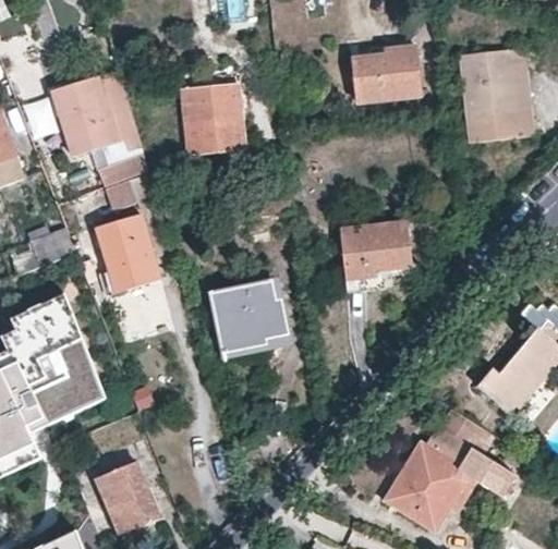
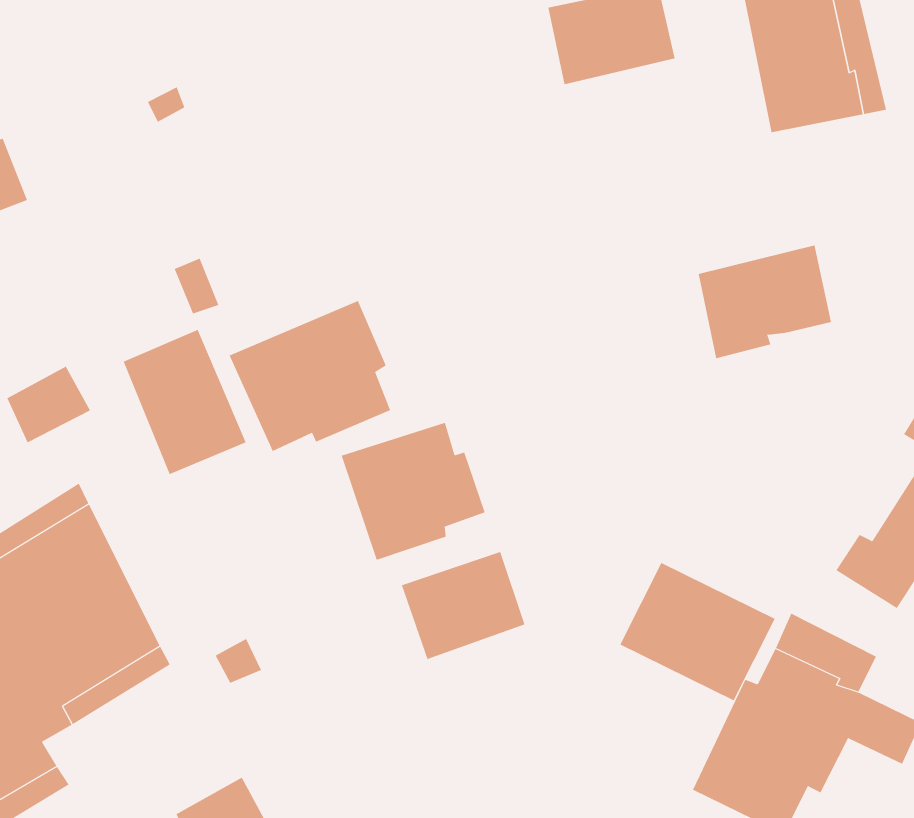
building: [52,73,147,187] -> none
building: [183,87,241,151] -> none
building: none -> [229,300,391,452]
building: [339,222,410,279] -> [698,245,832,359]
building: none -> [401,551,525,660]
building: none -> [620,562,776,701]

